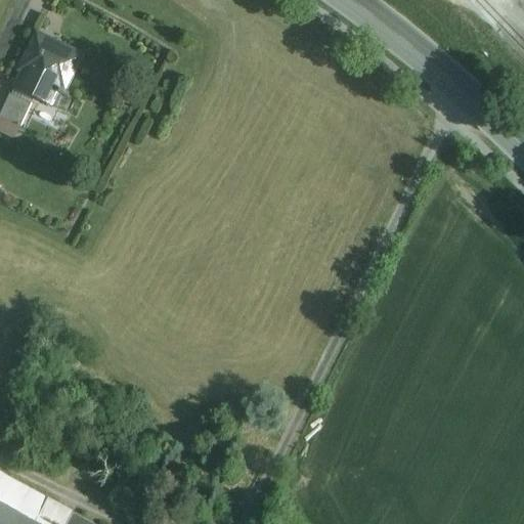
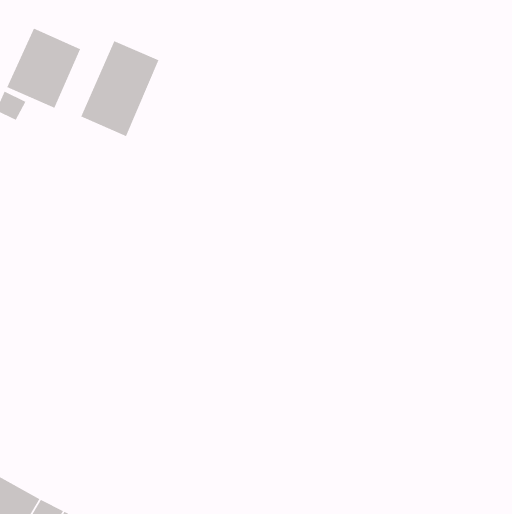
building: none -> [80,40,160,137]

